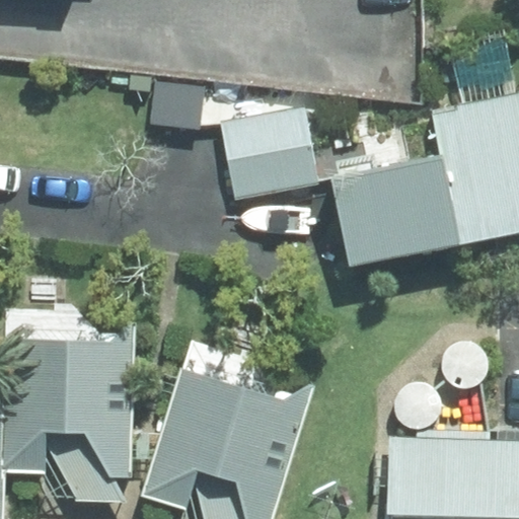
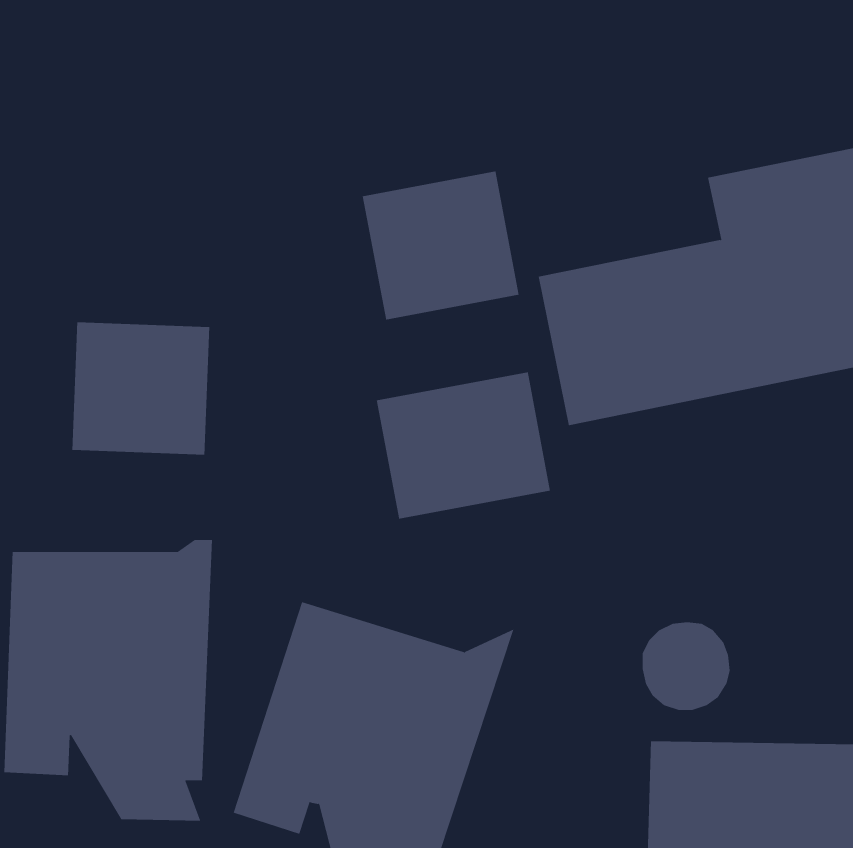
building: none -> [72,322,210,456]
building: none -> [376,371,551,520]

